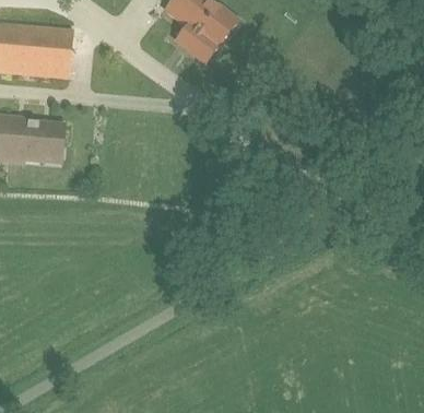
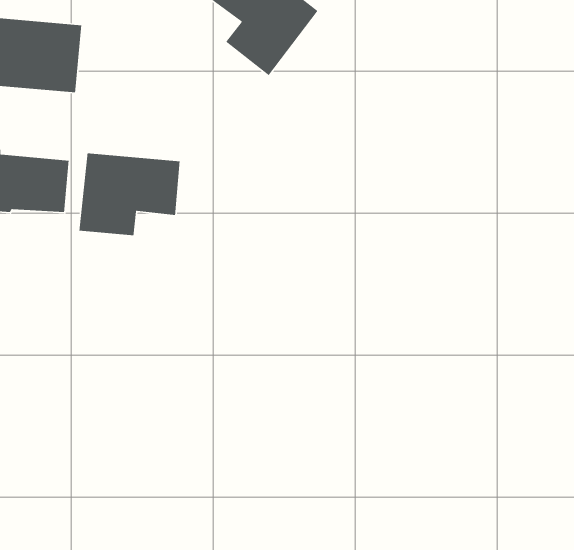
building: none -> [79,153,180,236]

